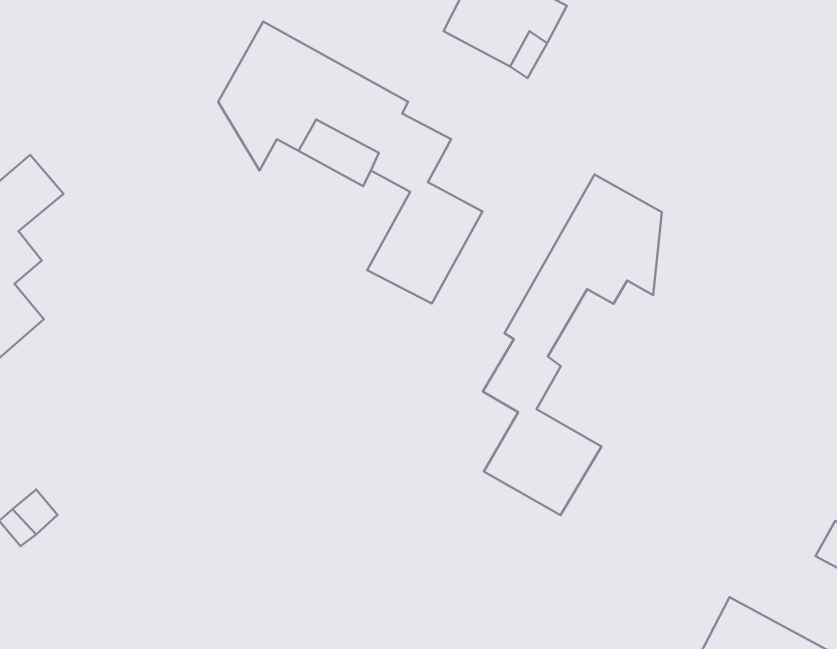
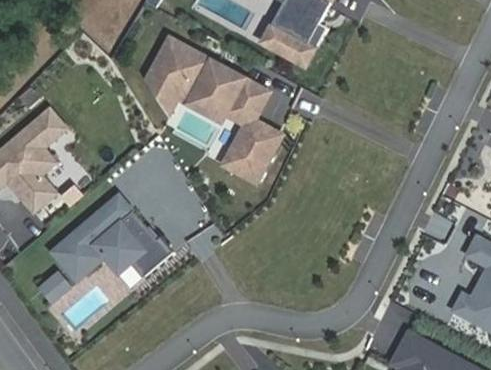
building: none -> [254,97,293,134]
building: [483,174,662,515] -> none
building: none -> [46,198,167,285]

